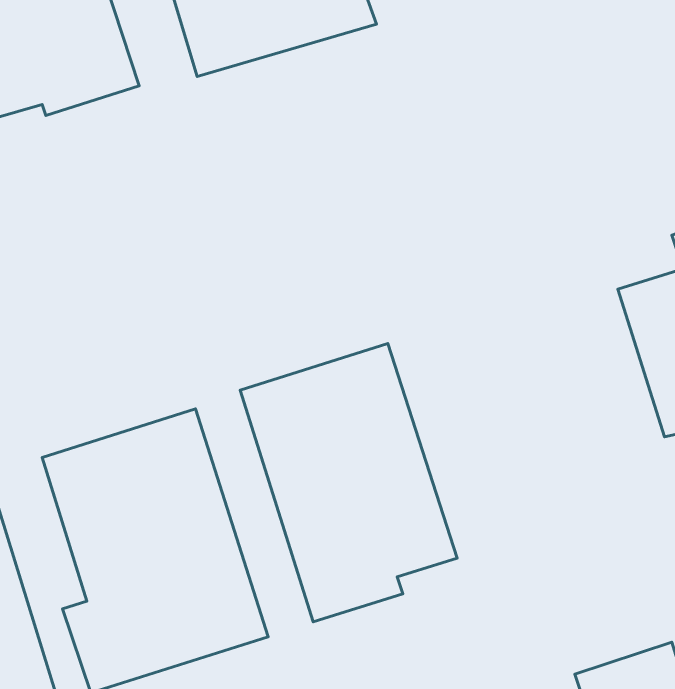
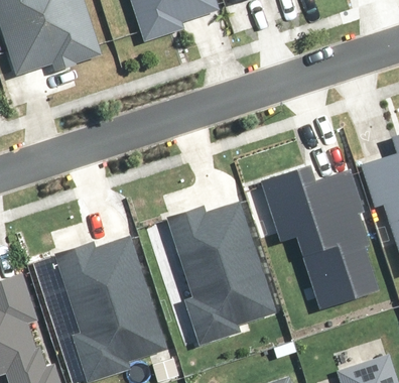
building: none -> [252,165,379,309]

